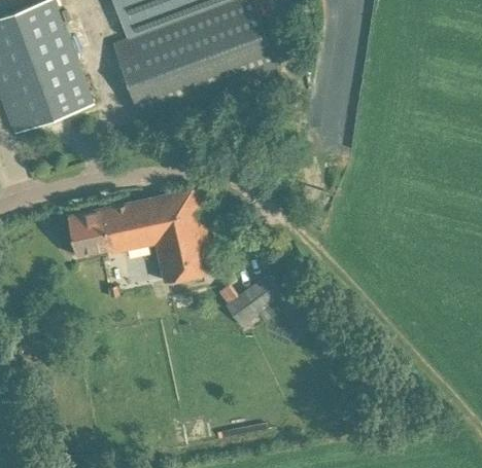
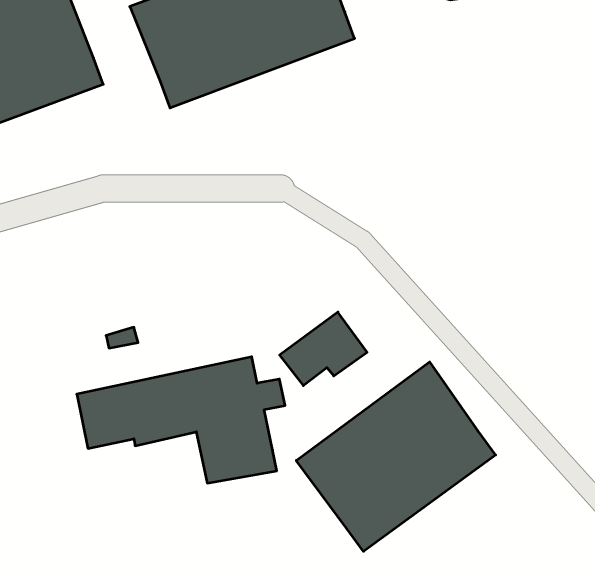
building: [66,185,220,279] -> [77,357,285,483]
building: none -> [296,362,496,551]

